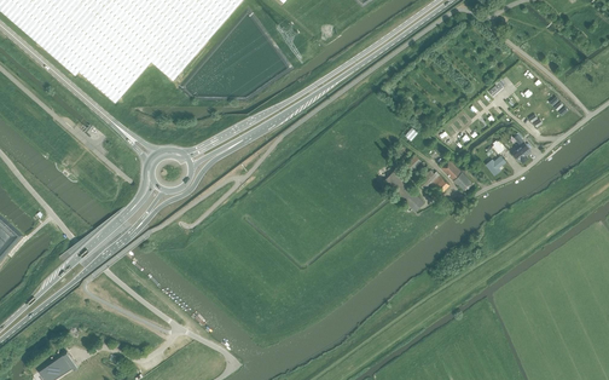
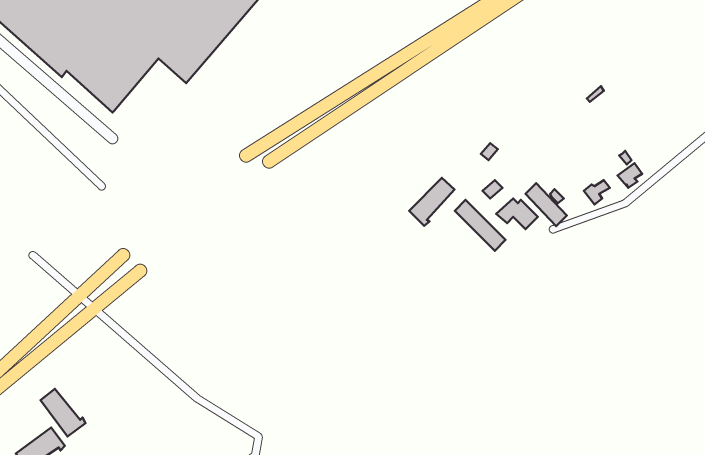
building: none -> [409,178,455,226]
building: none -> [40,389,86,437]

